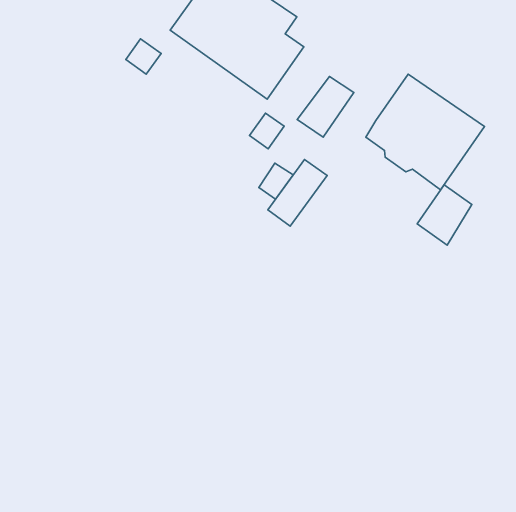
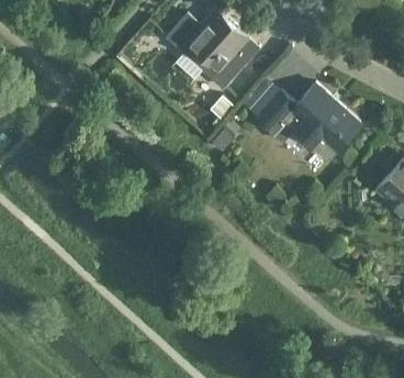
building: [268,159,327,226] -> [255,91,295,133]
building: [417,185,472,245] -> none

